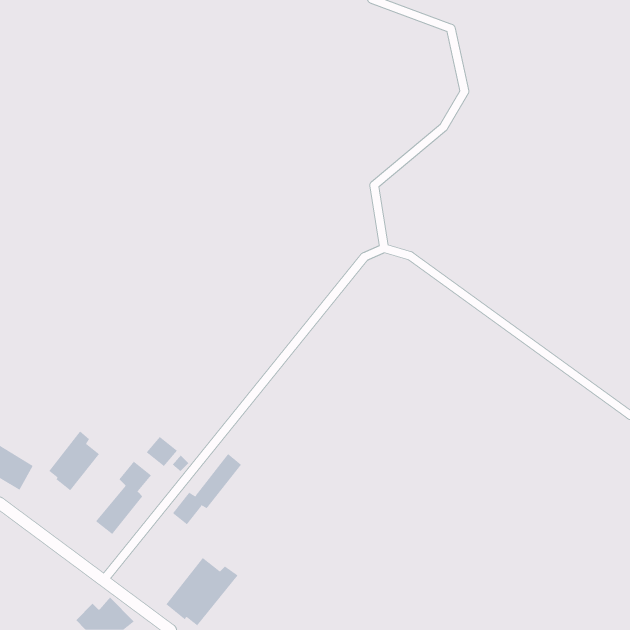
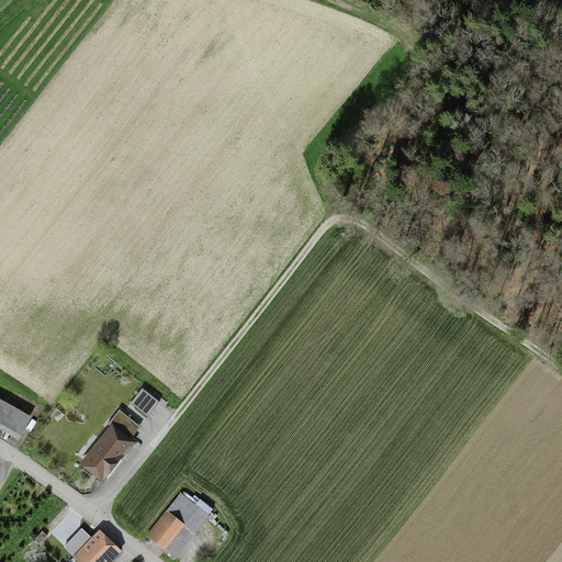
building: [48,430,100,491] -> none
building: [172,453,242,525] -> none

